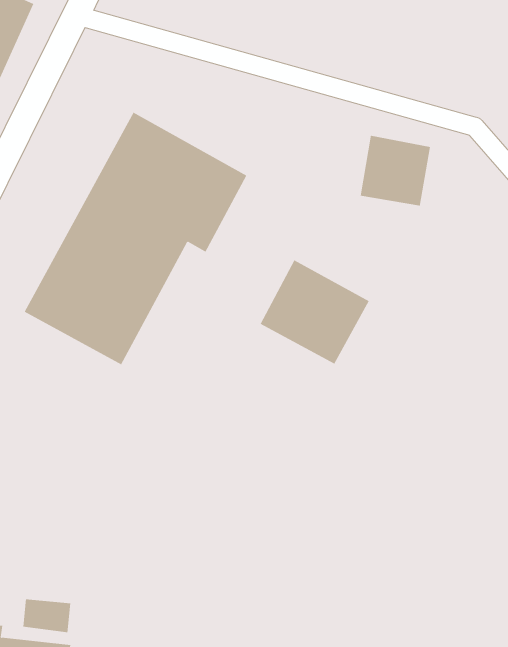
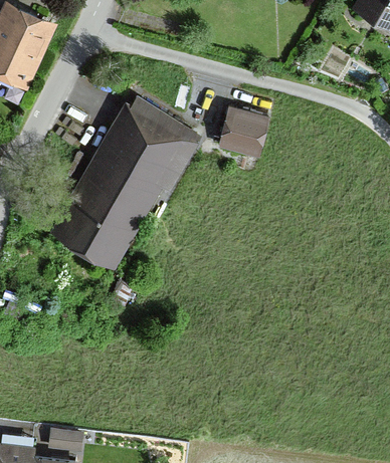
building: [360,135,431,206] -> [220,107,268,156]
building: [260,259,370,364] -> none

